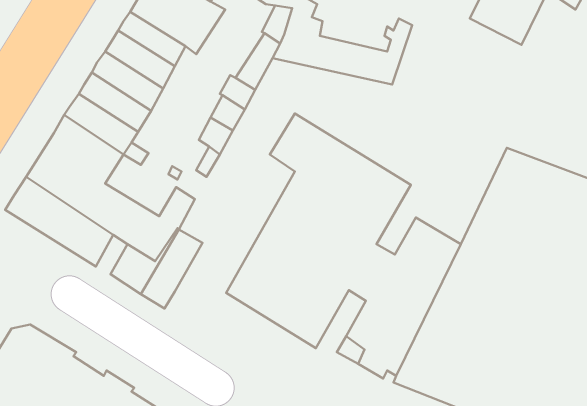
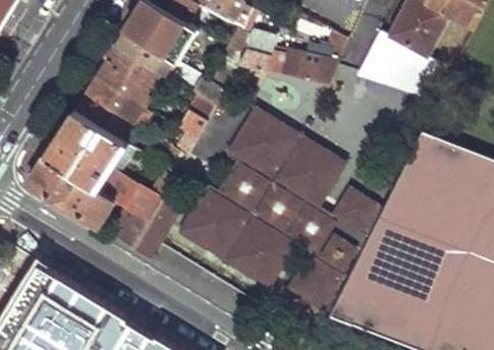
building: none -> [356,30,435,97]
building: none -> [178,138,253,245]

